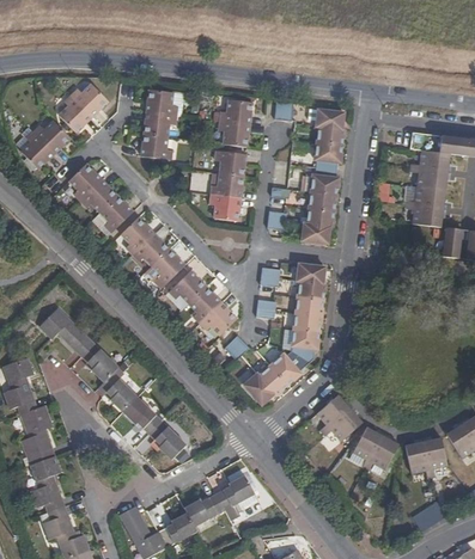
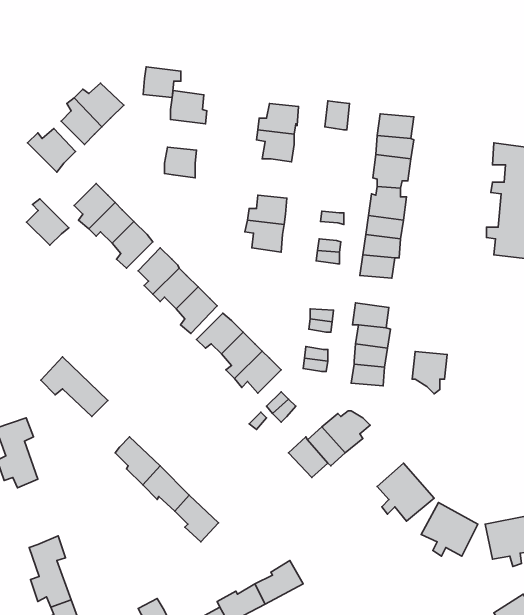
building: [144,112,175,137] -> [143,67,181,97]
building: [18,131,53,170] -> [27,199,69,245]
building: [213,150,244,177] -> none
building: [292,328,321,363] -> [412,352,447,394]
building: [81,343,118,381] -> none
building: [20,405,54,461] -> none

